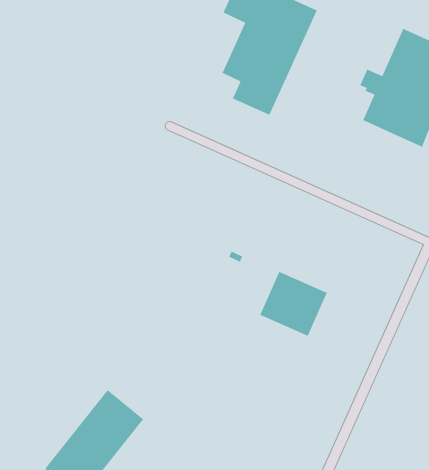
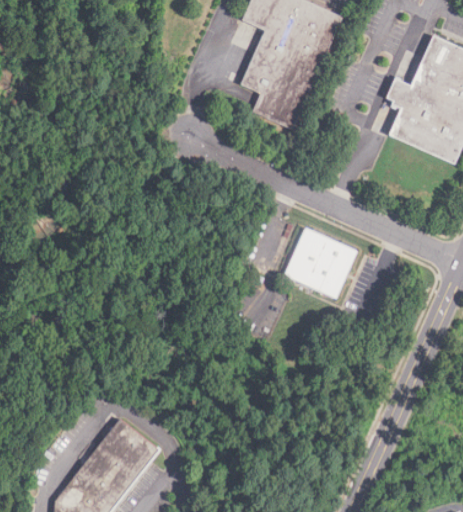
building: [259,271,328,337] -> [284,227,357,297]

